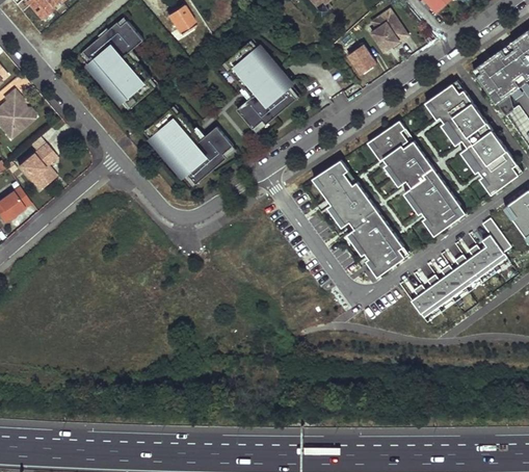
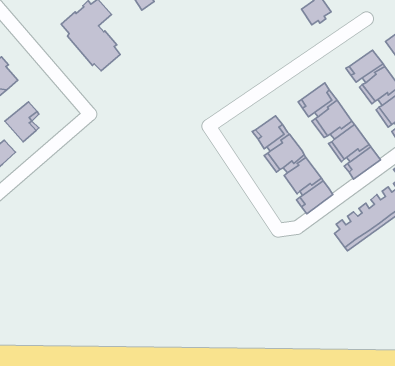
building: [226,41,296,128] -> none
building: [345,43,377,76] -> none
building: [148,106,233,183] -> none

